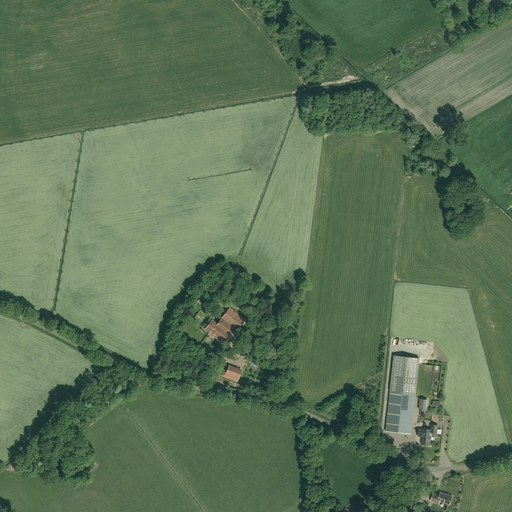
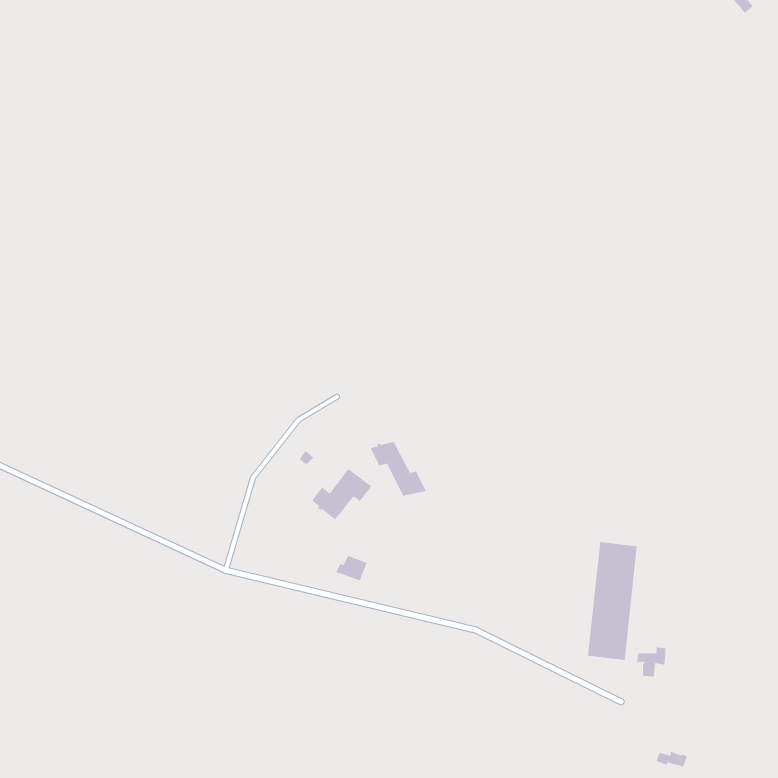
building: none -> [370,441,427,497]

